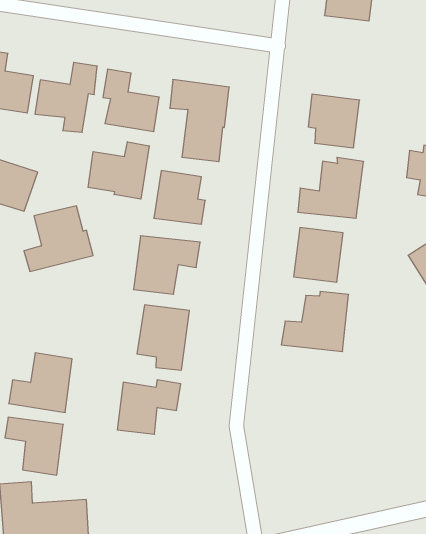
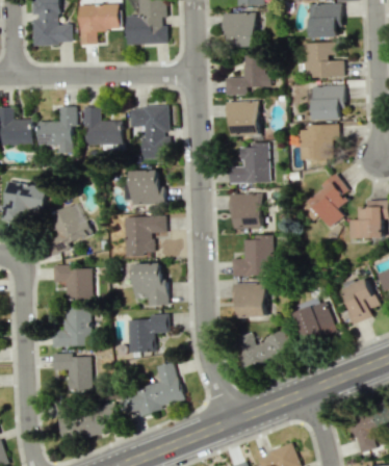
building: none -> [225,54,269,95]
building: [88,142,149,199] -> none
building: none -> [53,266,93,301]
building: none -> [233,283,267,317]
building: none -> [295,303,336,342]
building: none -> [235,333,294,373]
building: none -> [121,362,184,414]

